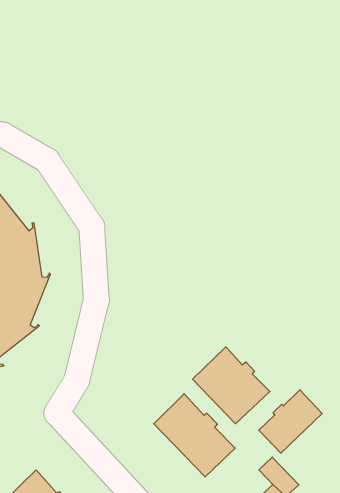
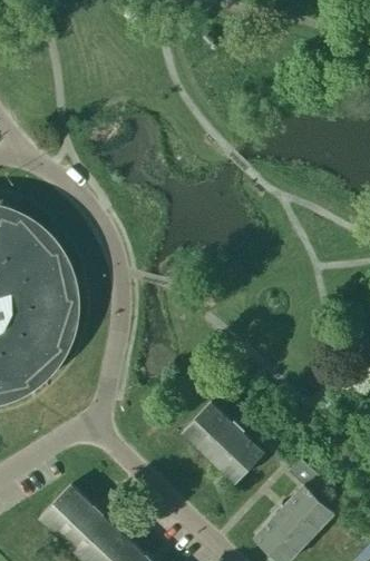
building: [193,347,270,424] -> none
building: [259,390,322,453] -> none

